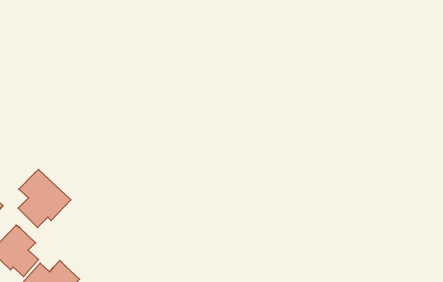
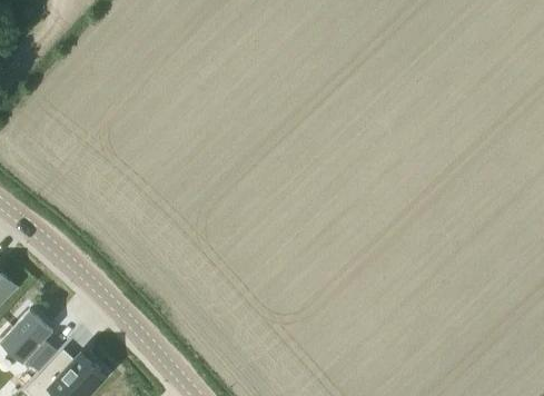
building: [18,170,71,228] -> none

